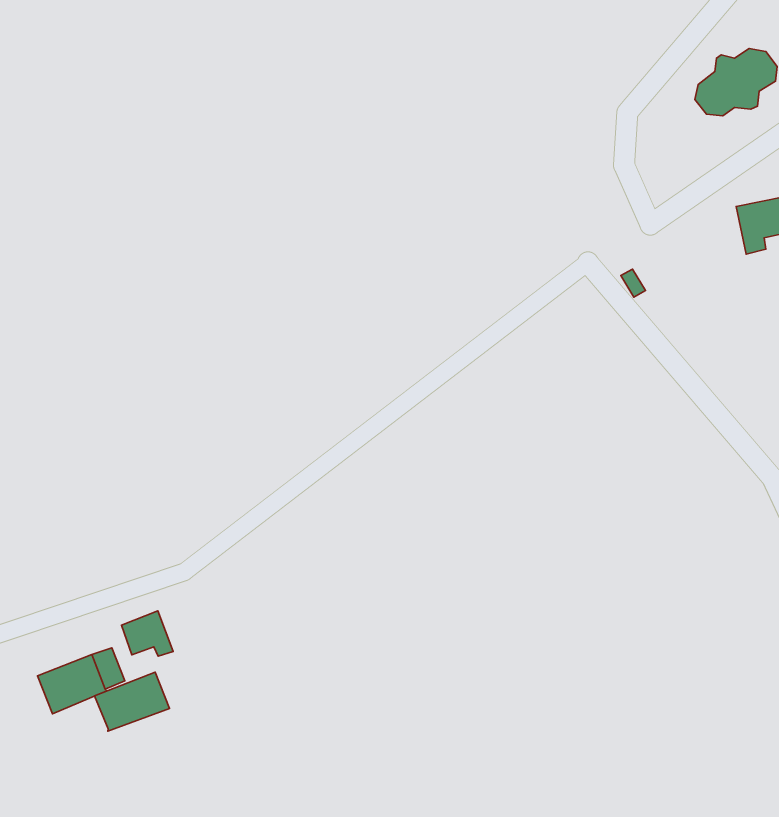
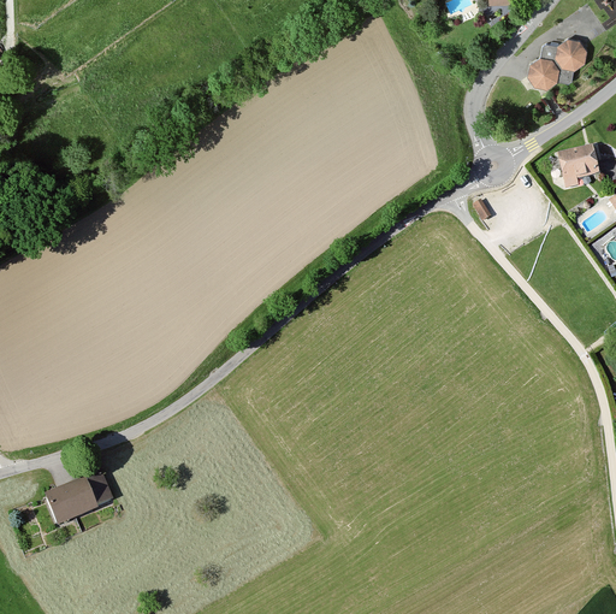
building: [121,611,173,656] -> none
building: [95,672,170,731] -> none

